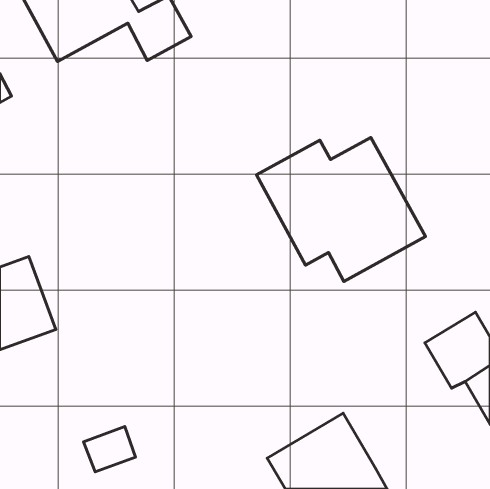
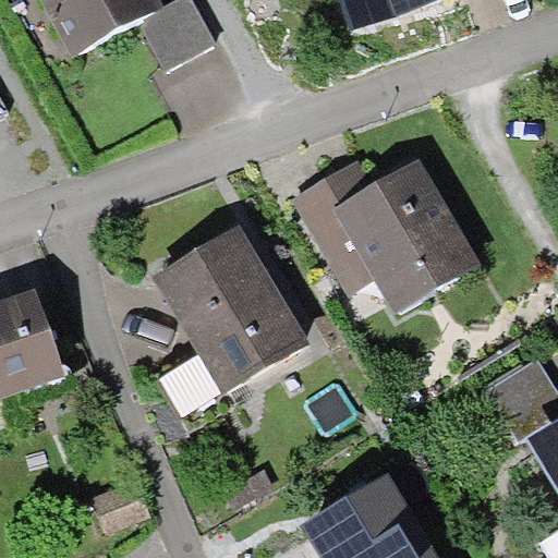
building: none -> [158,231,305,411]

